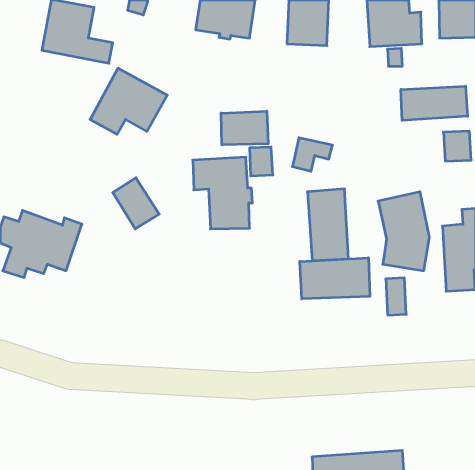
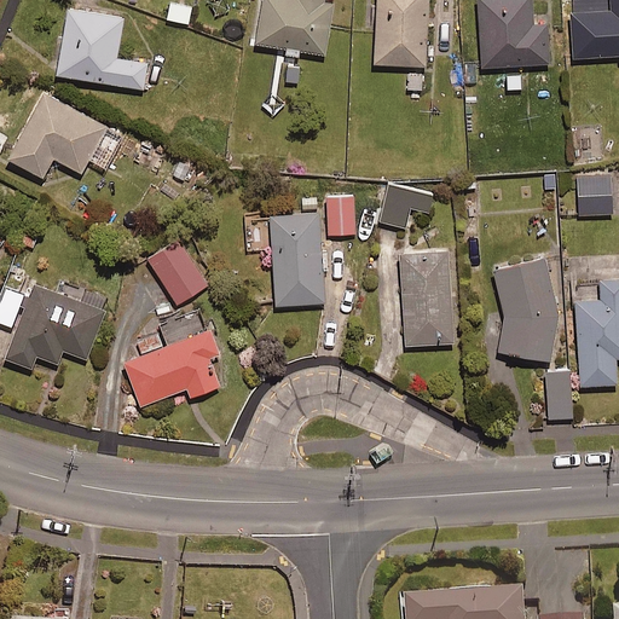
building: [90,68,167,134] -> [7,91,108,177]
building: [401,86,468,120] -> none
building: [221,111,268,145] -> none
building: none -> [123,328,220,405]
building: [300,258,370,299] -> none
building: [386,278,406,315] -> [545,371,572,420]

